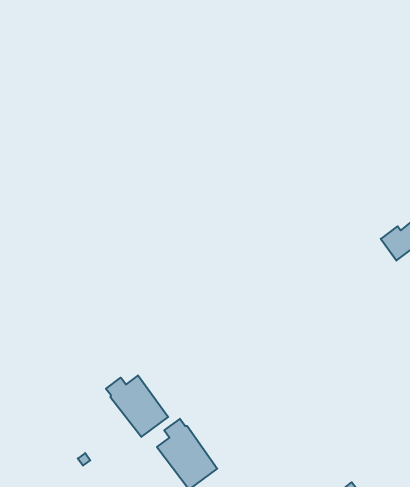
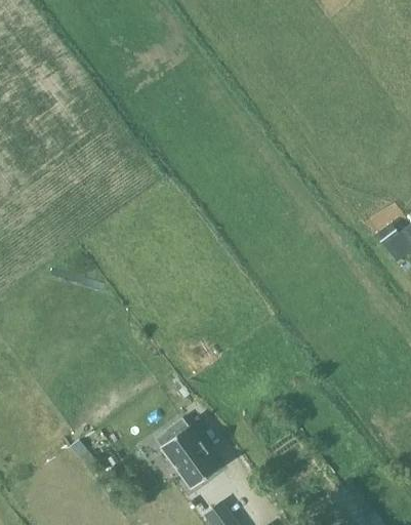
building: [106,375,168,437] -> none

